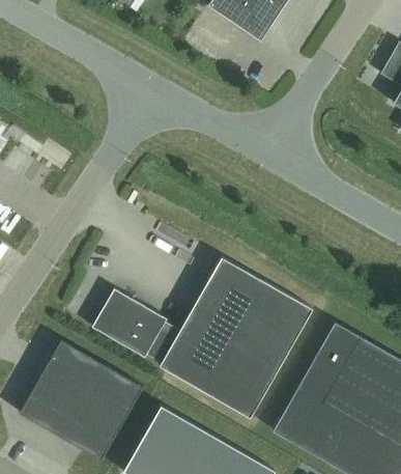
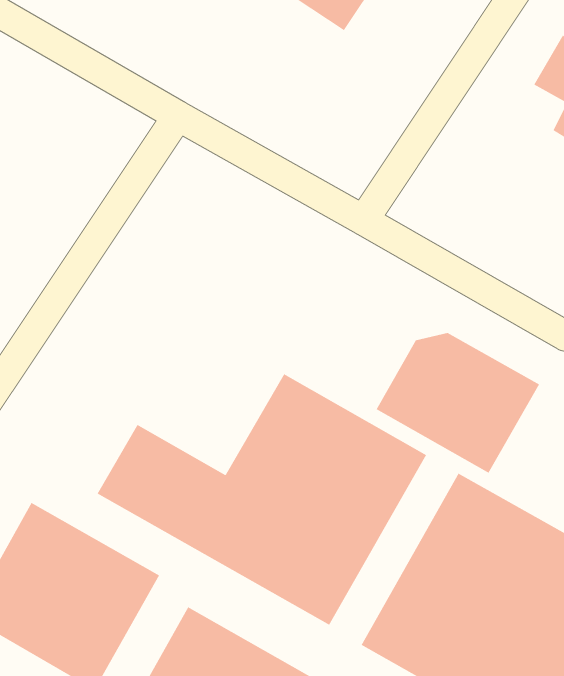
building: none -> [375,332,540,474]

